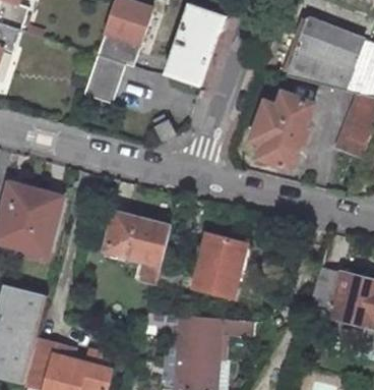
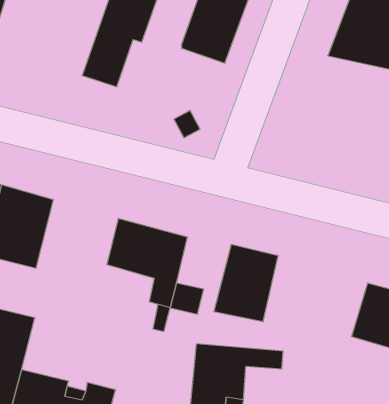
building: [251,94,312,170] -> none

